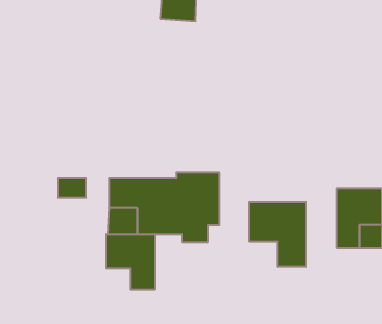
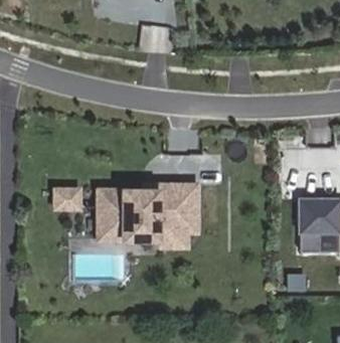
building: [249,202,306,267] -> none
building: [106,234,155,290] -> none

